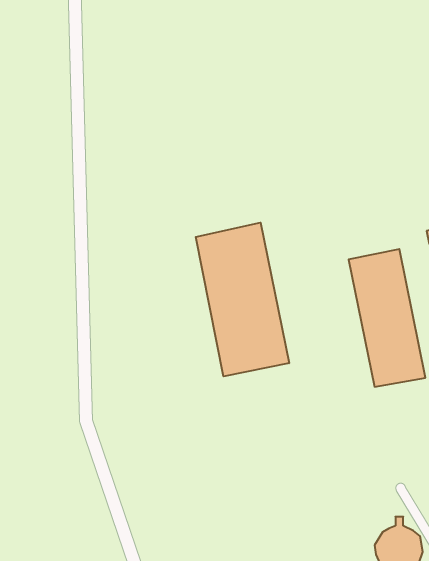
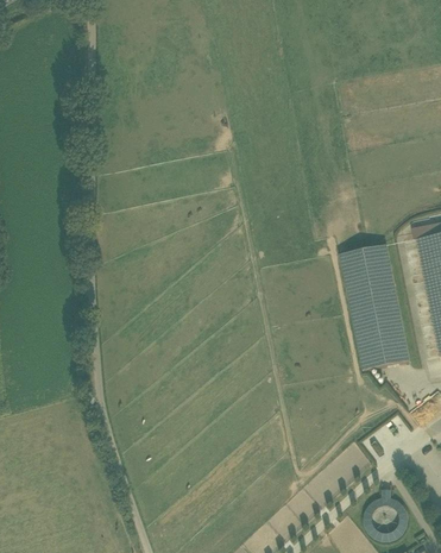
building: [196,223,289,376] -> none

